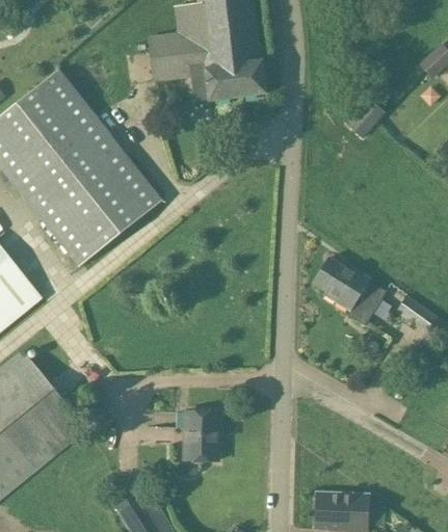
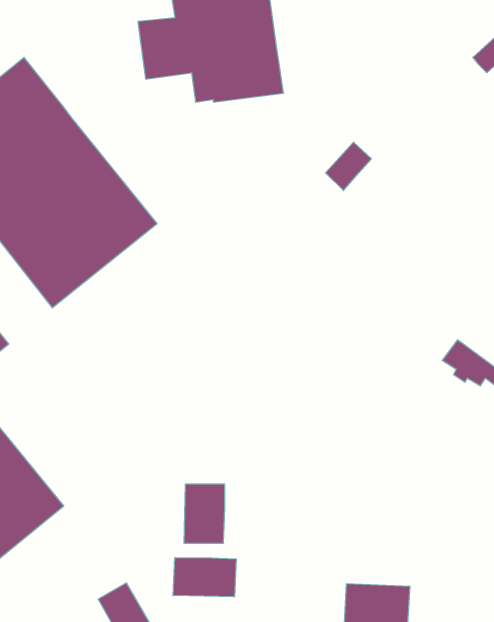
building: [347,99,385,138] -> [325,142,371,191]
building: [313,257,386,324] -> none
building: none -> [173,558,236,597]

